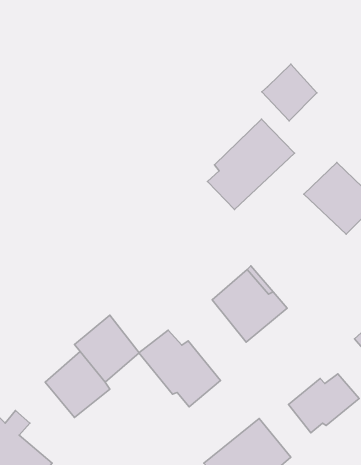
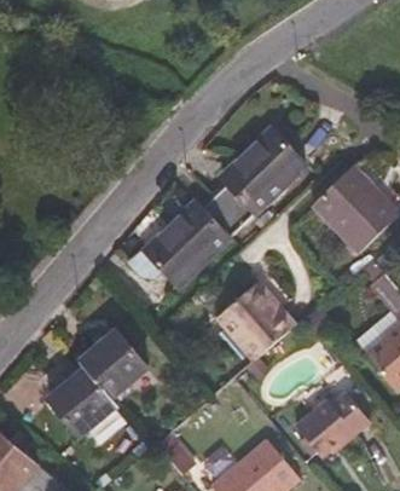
building: [262,64,317,121] -> none
building: none -> [146,192,243,283]
building: [139,330,220,407] -> none

